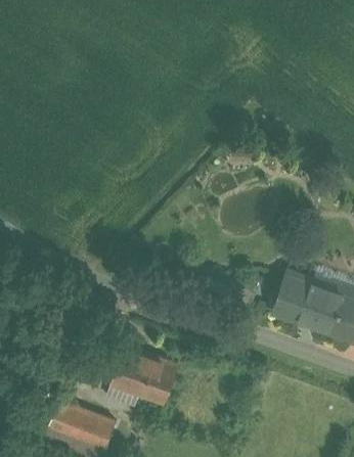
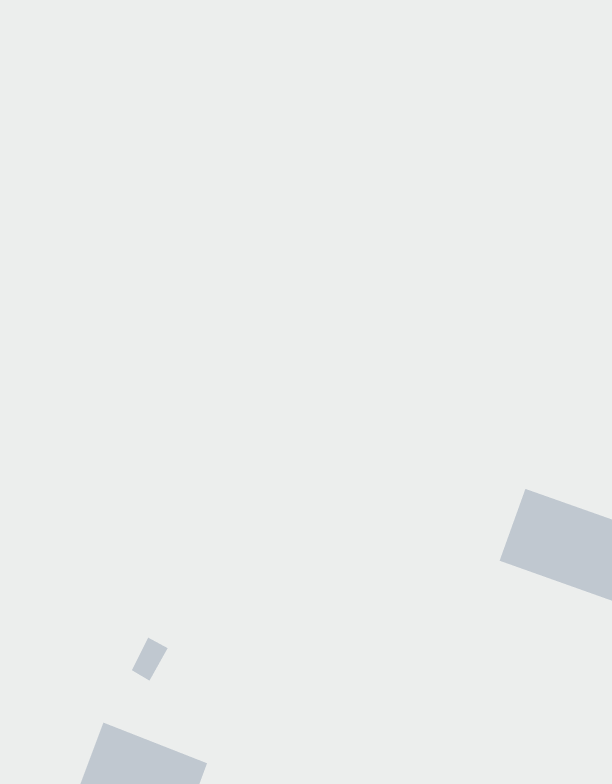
building: [108,347,177,407] -> none

